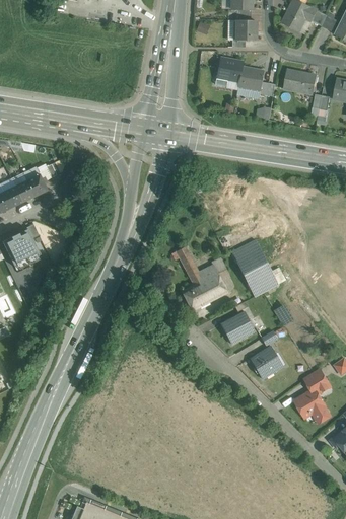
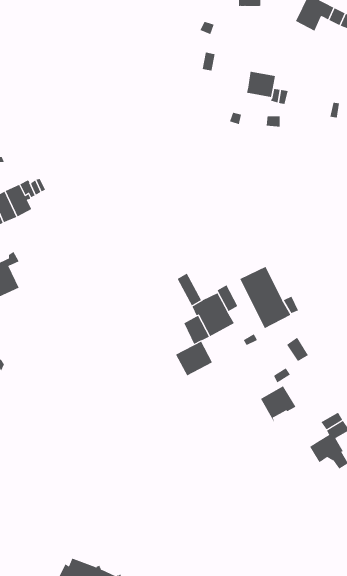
building: [235,20,255,42] -> none
building: [214,57,241,86] -> none
building: [283,70,316,94] -> none
building: [220,311,254,343] -> [175,341,213,376]

